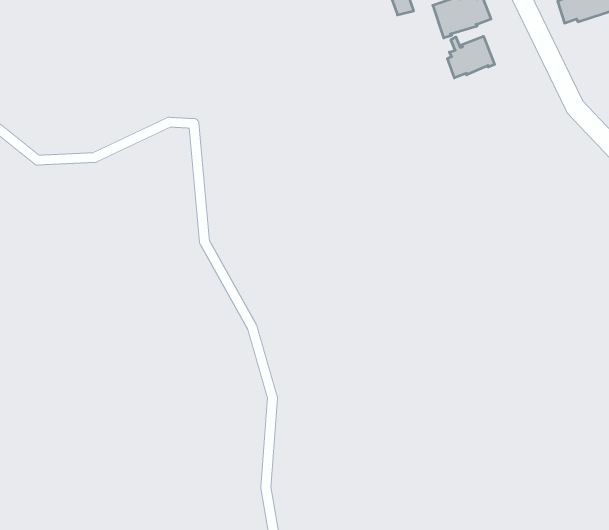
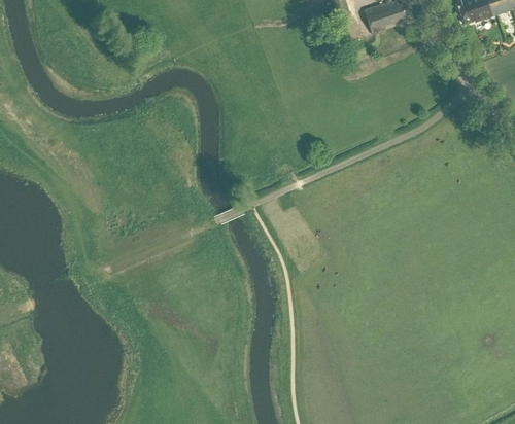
building: [447,36,495,78] -> none

